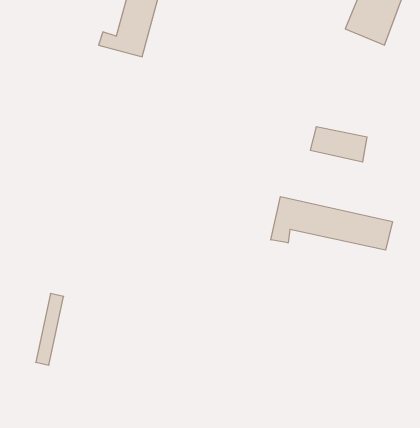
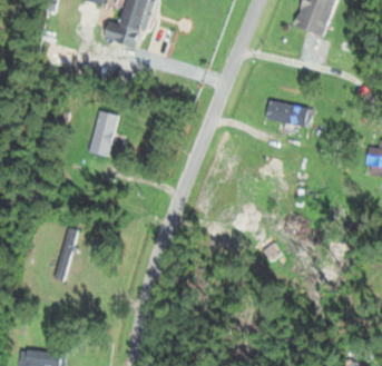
building: none -> [89,110,119,157]
building: [271,197,392,250] -> none

